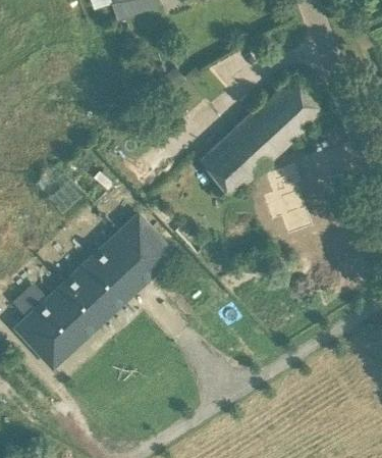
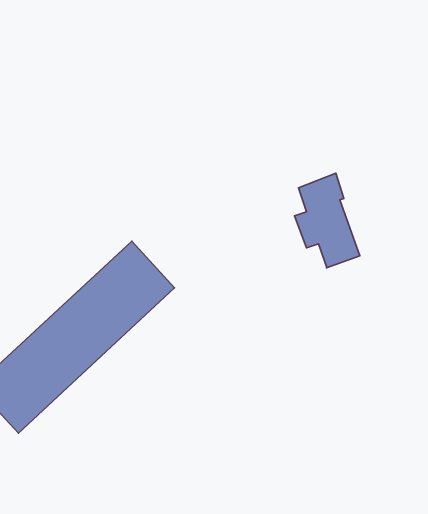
building: [200,73,323,194] -> none

